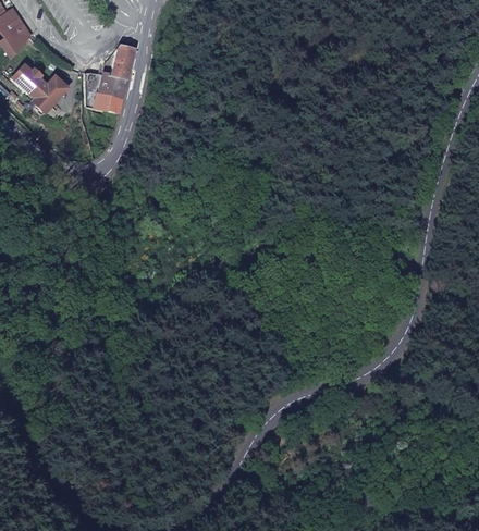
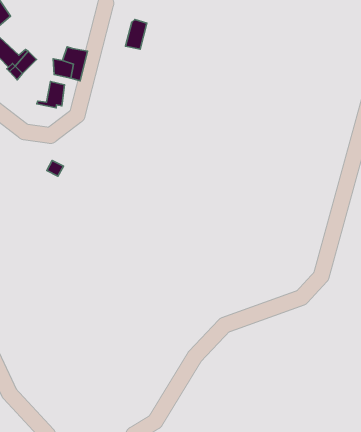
building: [109,44,134,78] -> [125,19,147,49]
building: none -> [37,82,65,108]

